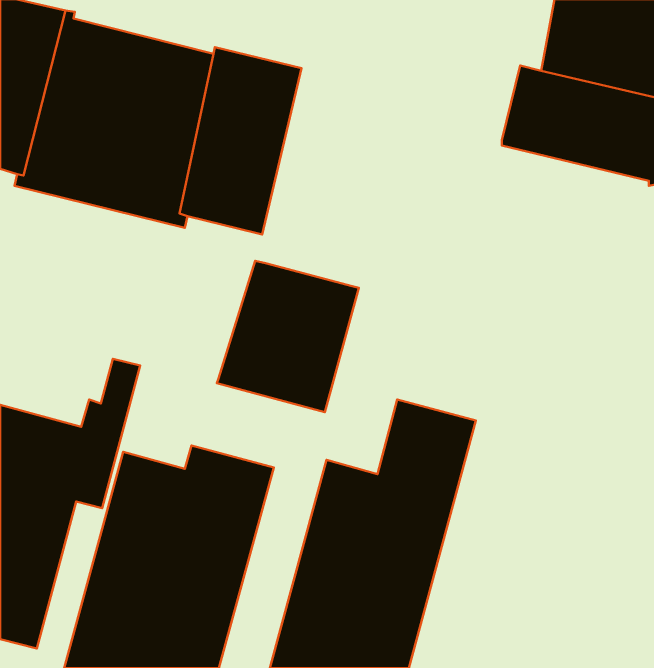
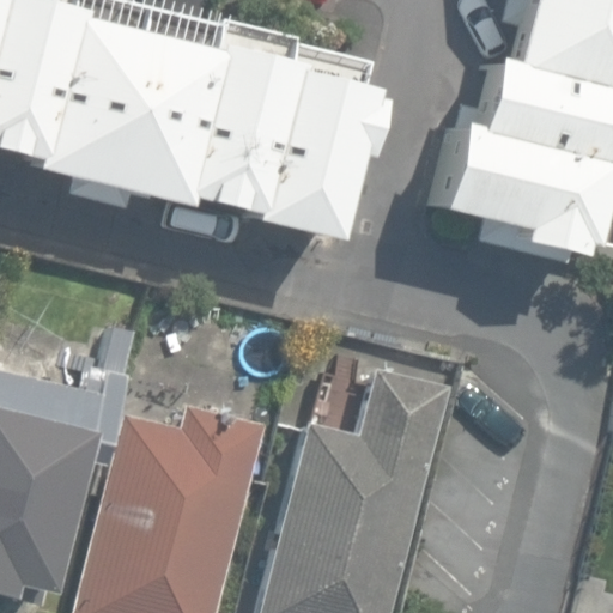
building: none -> [247,62,376,241]
building: none -> [436,128,607,256]
building: [217,261,359,412] -> none

